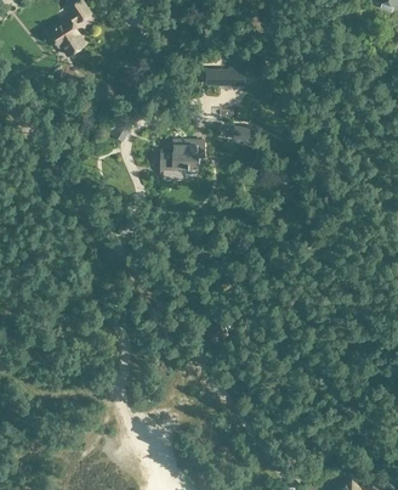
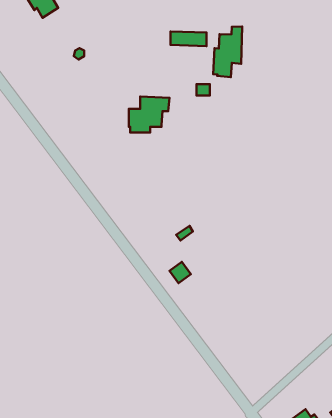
building: none -> [213,26,242,77]

